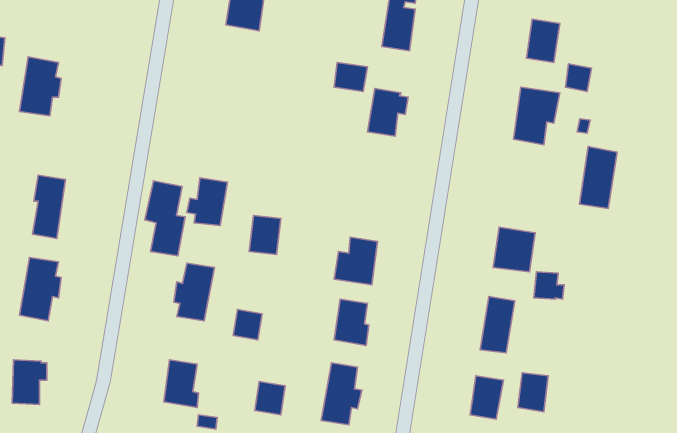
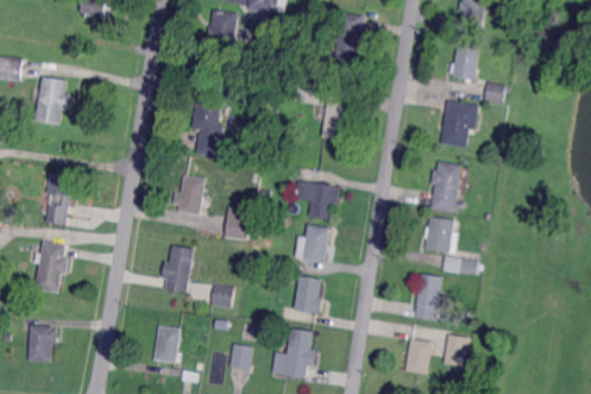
building: [579,146,617,209] -> [430,161,461,212]
building: [145,181,185,256] -> [190,95,224,157]
building: none -> [295,180,339,219]

